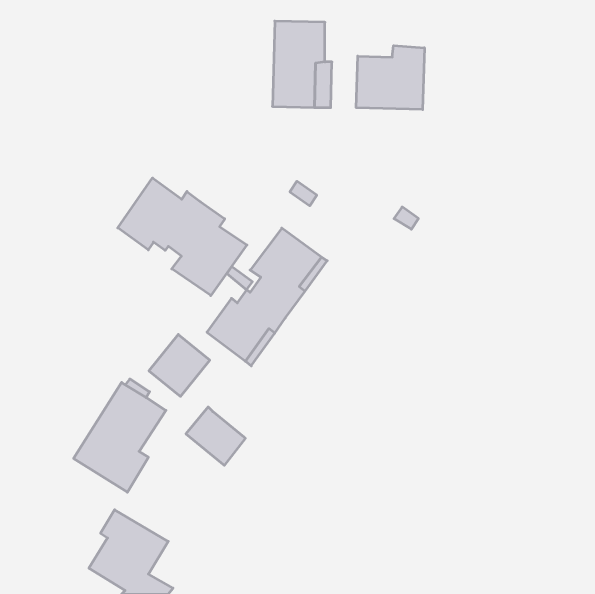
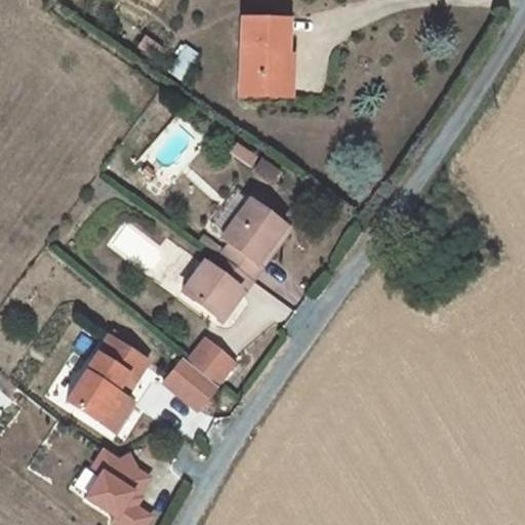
building: [356,46,424,110] -> none
building: [118,178,247,296] -> none
building: [149,334,210,396] -> [189,329,242,383]

